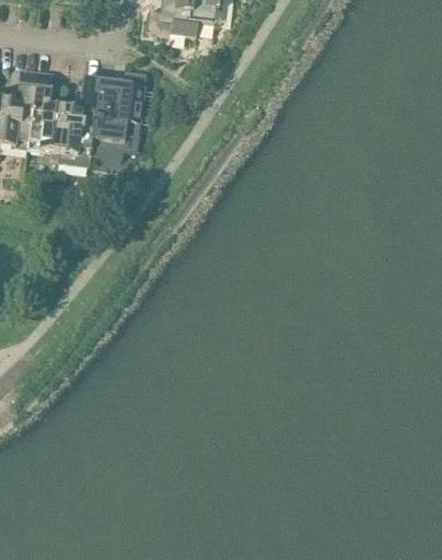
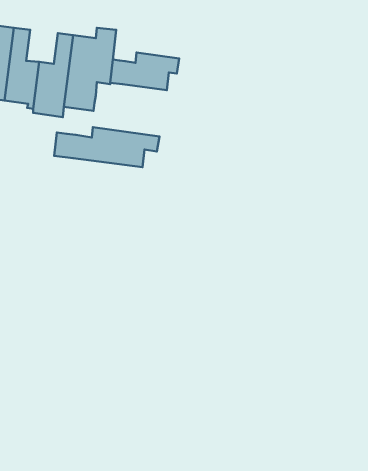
building: none -> [110,52,179,90]
building: none -> [54,127,159,167]

